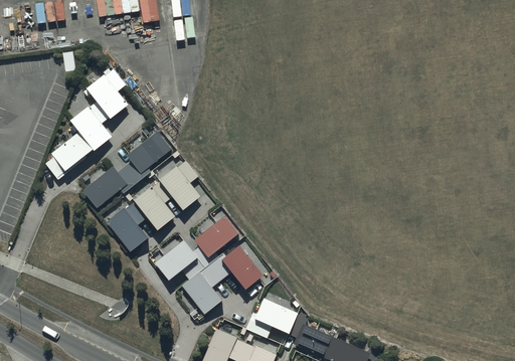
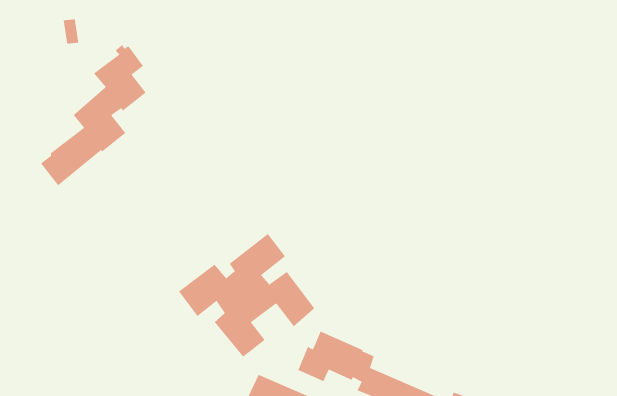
building: [81,133,170,208] -> none
building: [106,159,201,252] -> none

